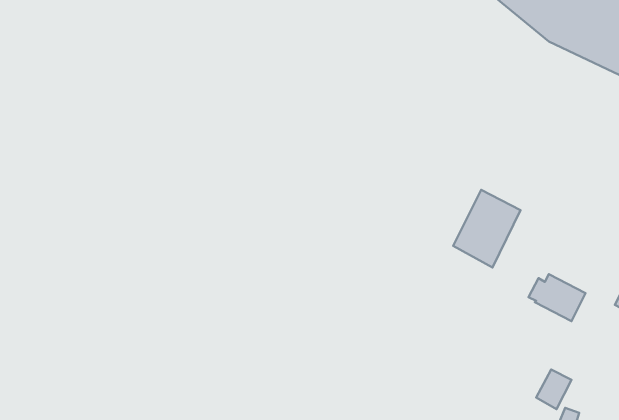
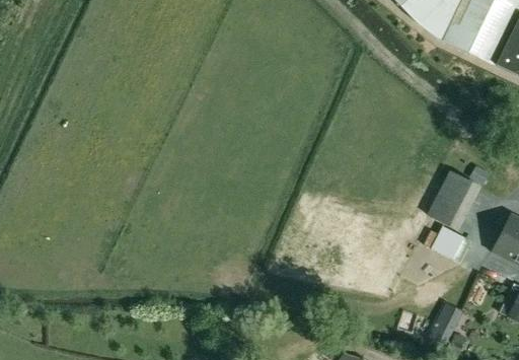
building: [453,190,520,268] -> [428,169,481,231]

